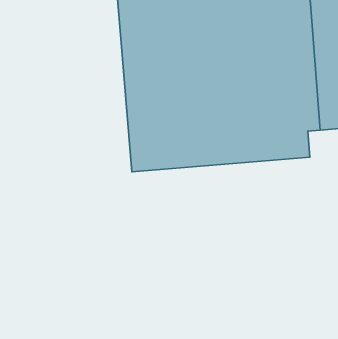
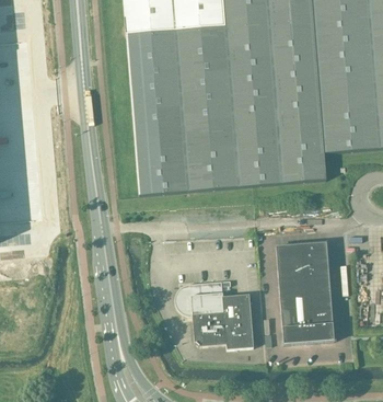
building: none -> [276,240,334,343]
building: none -> [175,278,253,347]

